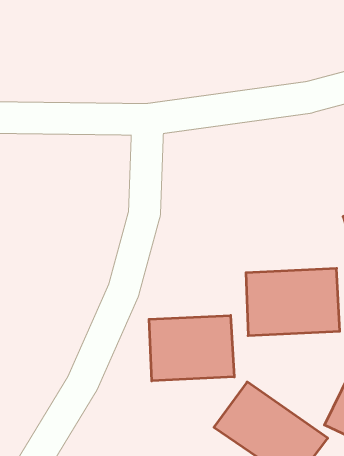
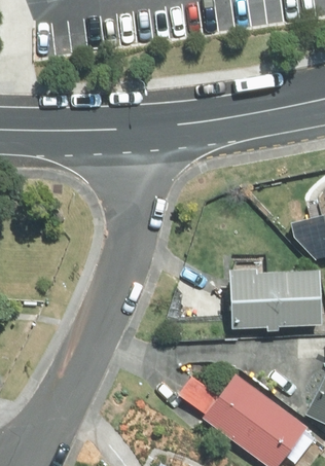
building: [149,315,234,381] -> none

